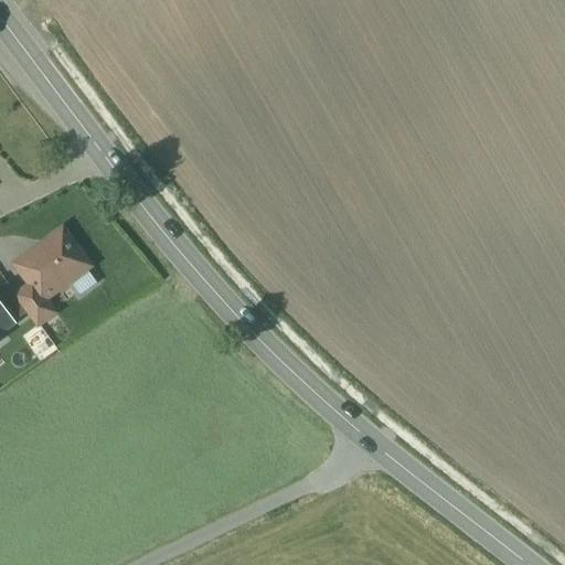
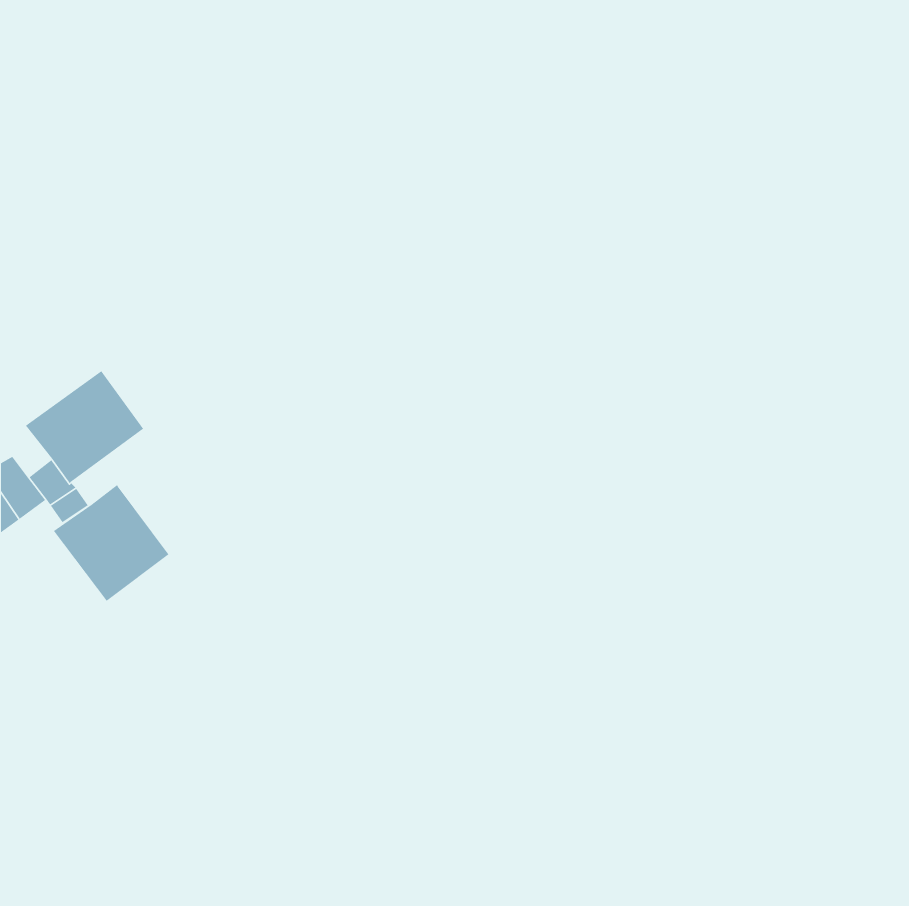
building: none -> [53,484,169,602]

